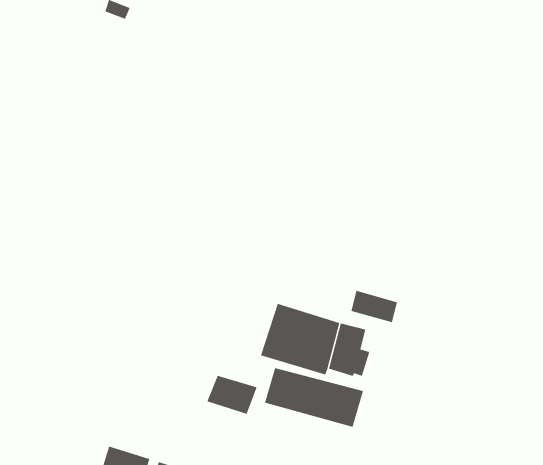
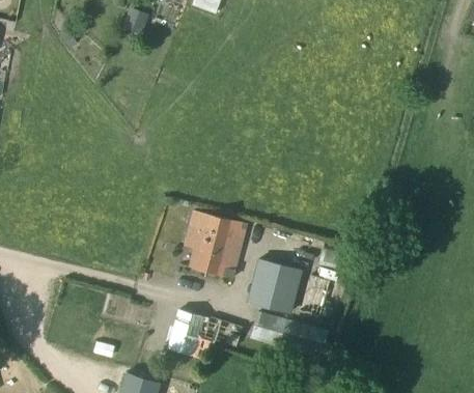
building: none -> [183,210,245,278]
building: none -> [168,308,207,359]

